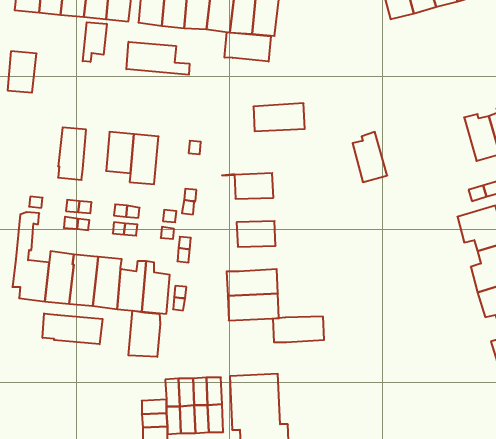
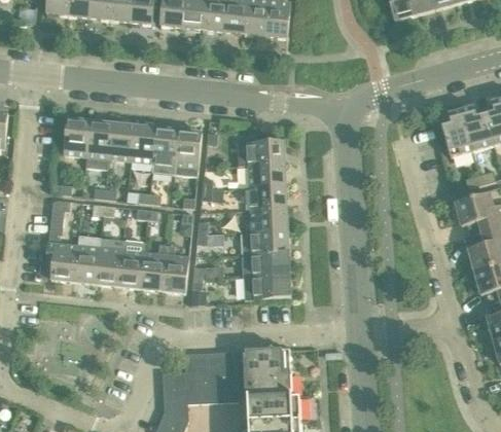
building: [83,22,107,62] -> none
building: [225,32,271,62] -> none
building: [126,42,189,75] -> none
building: [8,51,37,93] -> [64,119,91,157]
building: [253,103,305,131] -> [237,140,284,166]
building: none -> [109,123,134,161]
building: [353,132,387,182] -> [440,112,472,158]
building: none -> [175,130,202,176]
building: none -> [250,186,286,209]
building: [128,311,160,357] -> none
building: [43,313,103,344] -> none
building: [273,317,324,342] -> [241,230,288,254]

